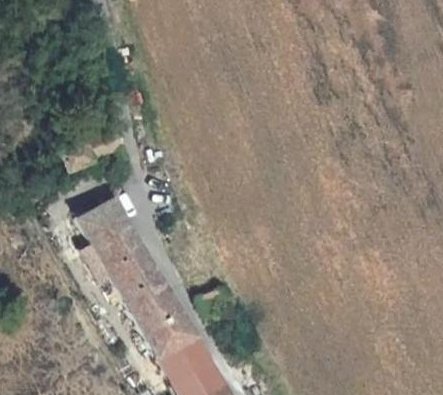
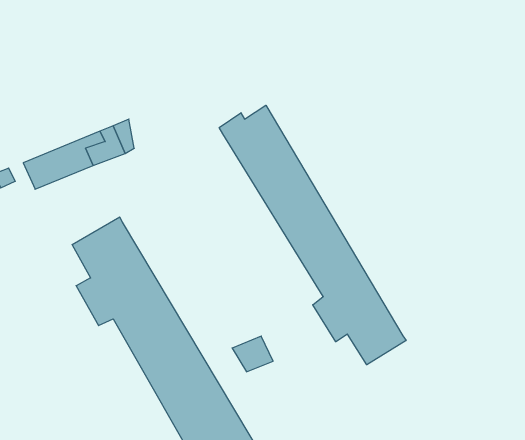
building: none -> [219,105,406,365]

